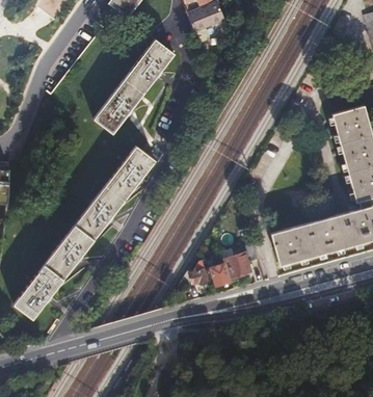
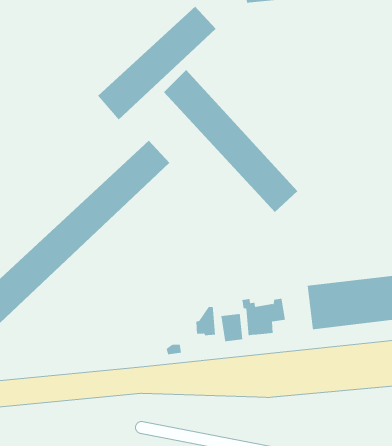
building: none -> [163,69,298,213]

